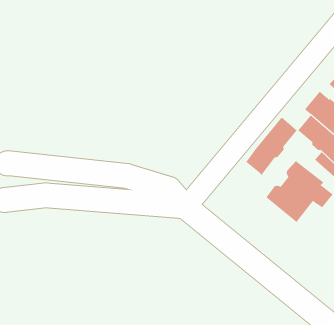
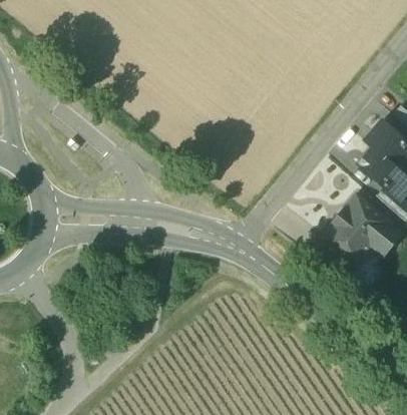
building: [245,116,298,176] -> none

